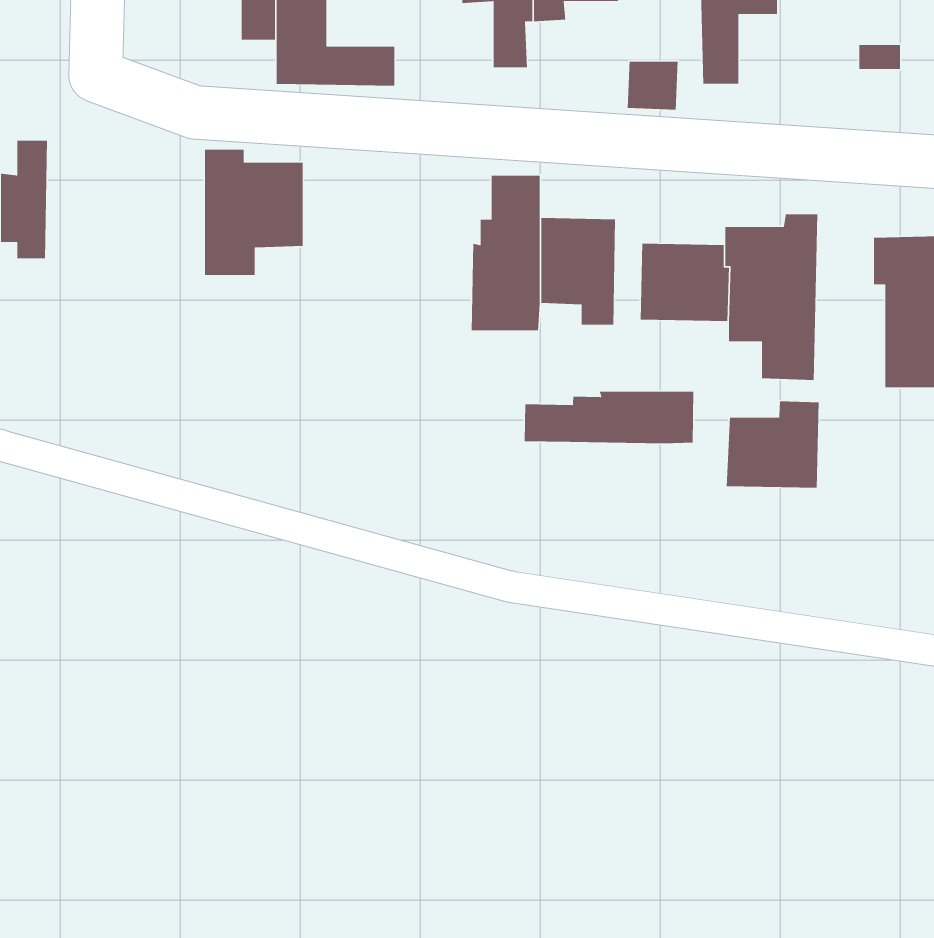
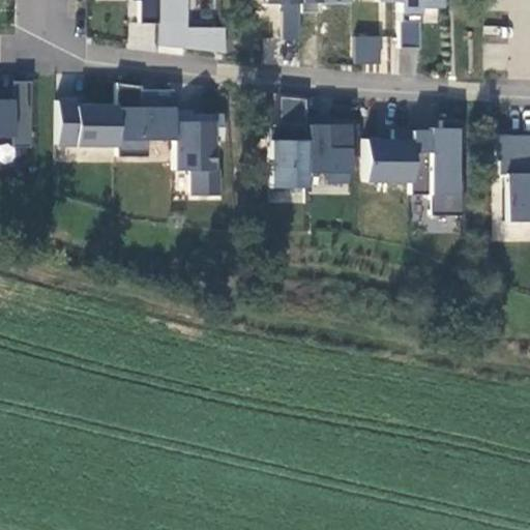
building: none -> [58,97,118,146]
building: none -> [174,113,228,194]
building: [524,391,694,444] -> none
building: [726,400,819,488] -> none

